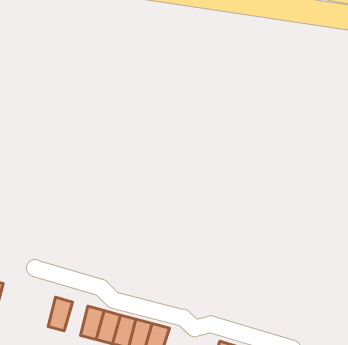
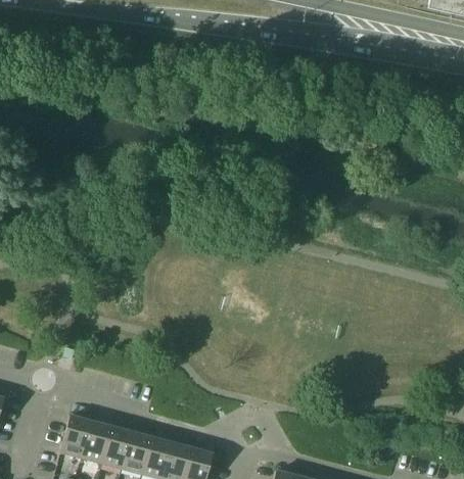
building: none -> [82,421,111,463]

